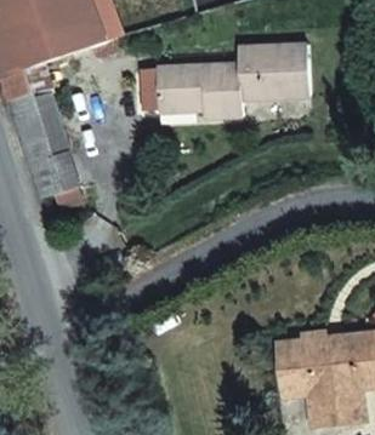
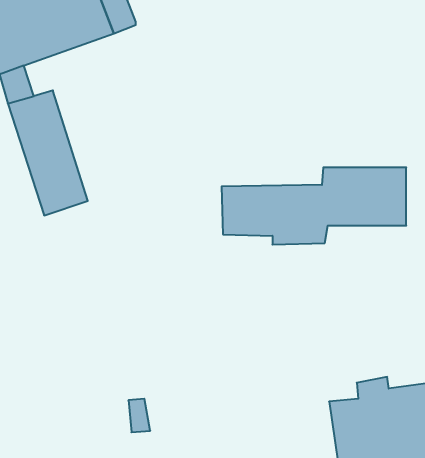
building: [152,55,306,119] -> [222,167,406,245]

